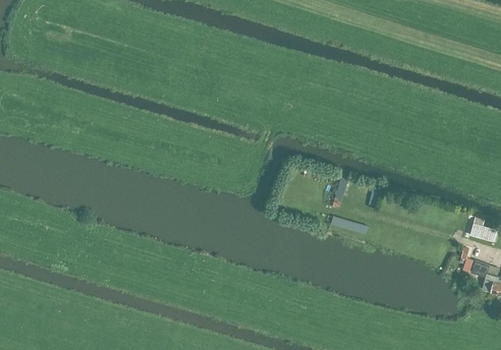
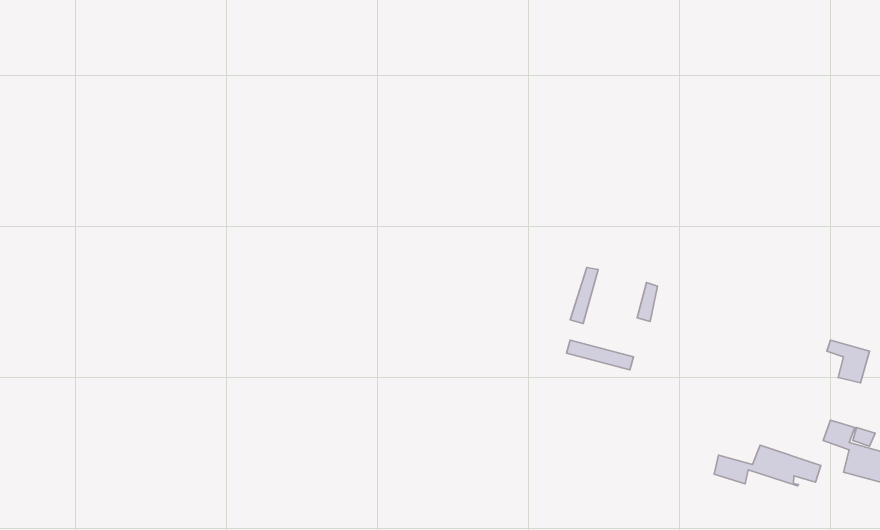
building: none -> [714,445,821,486]

